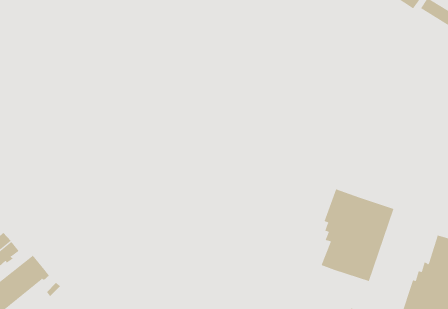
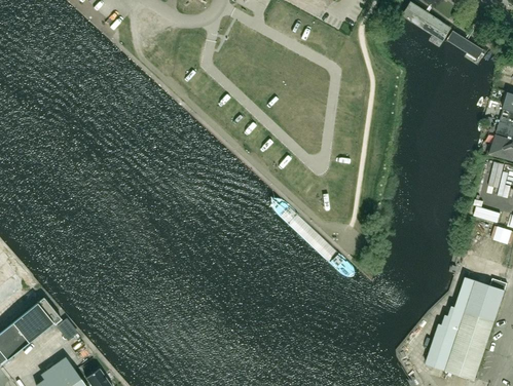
building: [321,189,394,282] -> none

